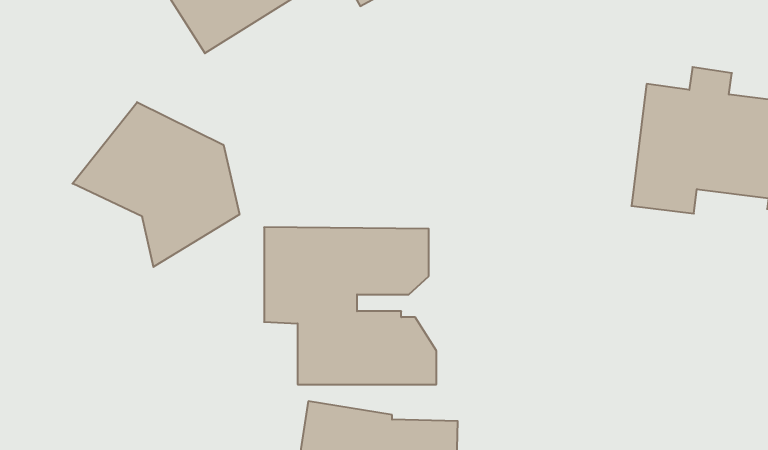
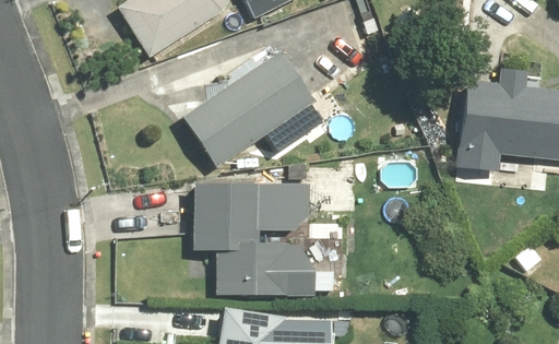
building: none -> [182,50,318,167]
building: [72,102,239,267] -> none

